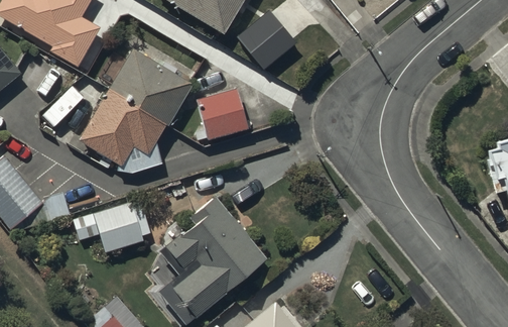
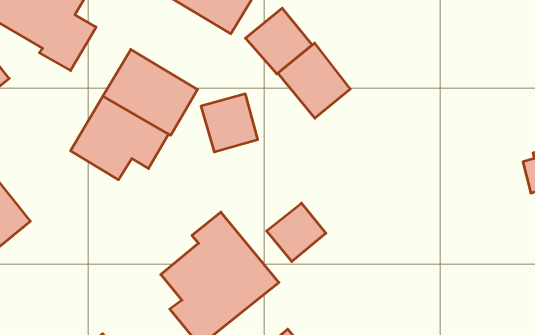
building: none -> [278,43,350,118]
building: none -> [267,203,326,262]
building: [94,203,144,253] -> none

